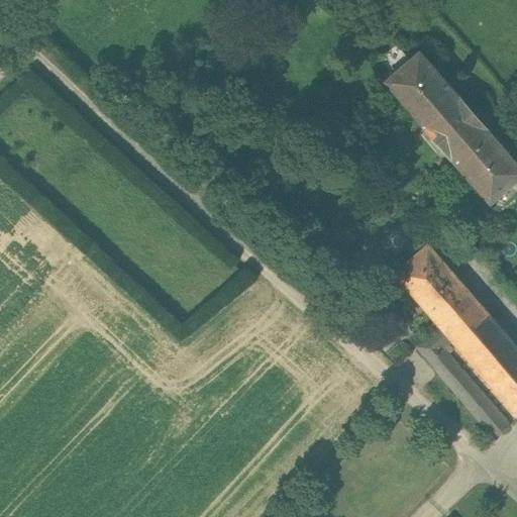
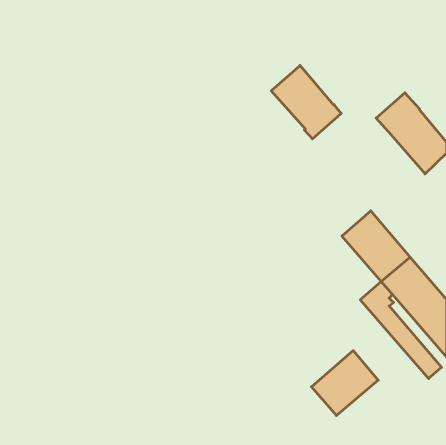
building: [388,54,469,138] -> [271,65,341,139]
building: none -> [311,351,378,416]

